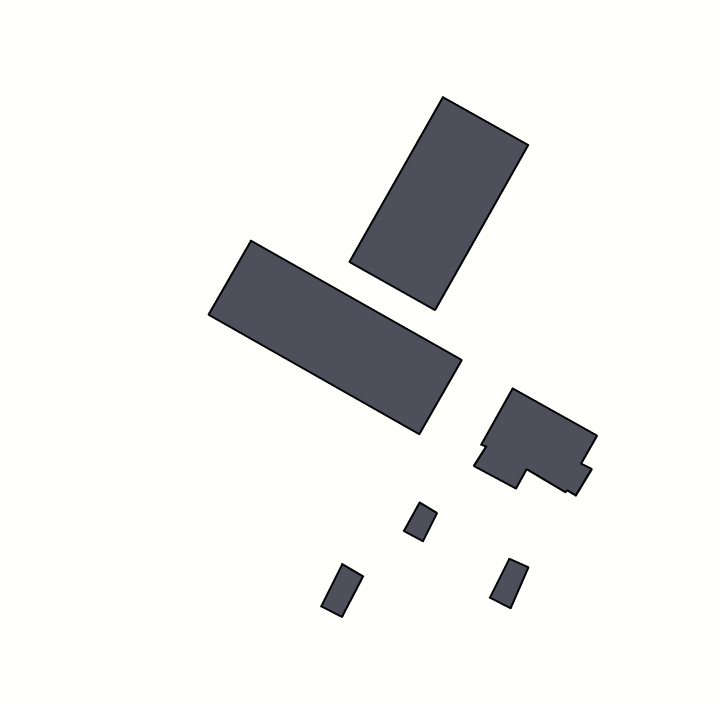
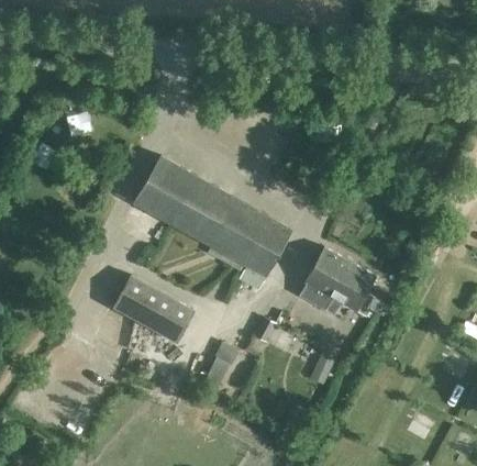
building: [350,97,528,310] -> none
building: none -> [112,277,193,344]

